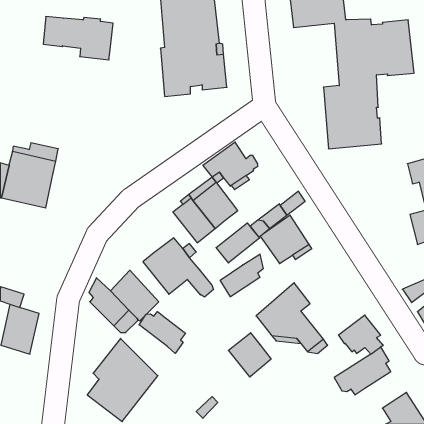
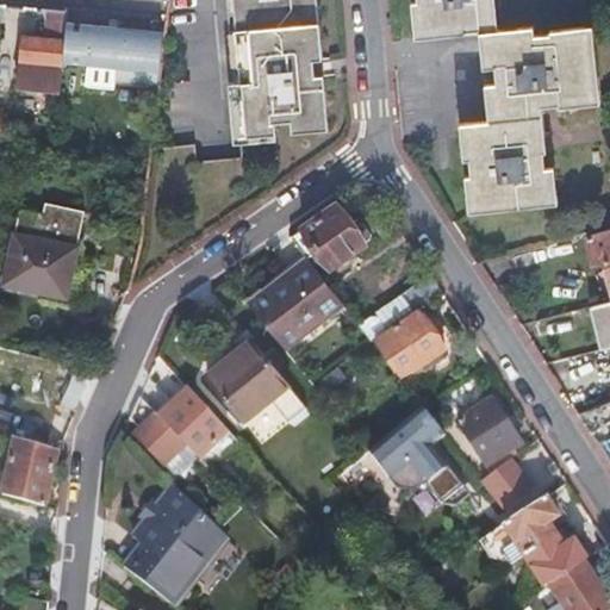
building: none -> [18,10,68,95]
building: [216,223,260,263] -> none
building: [220,254,263,297] -> none
building: none -> [458,400,519,465]
building: [139,312,185,353] -> none
building: [228,333,271,377] -> none
building: none -> [524,533,587,587]

